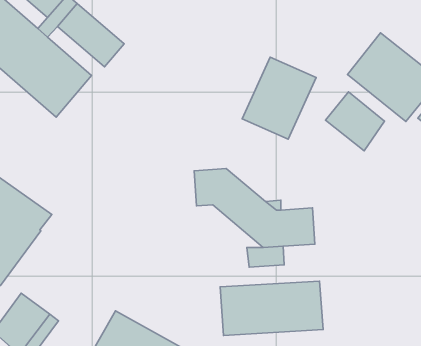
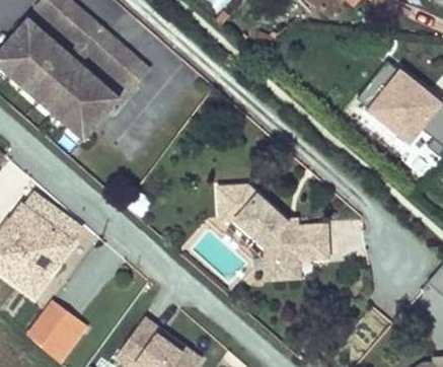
building: [242,57,316,139] -> none
building: [325,92,385,151] -> none
building: [220,281,323,335] -> none

